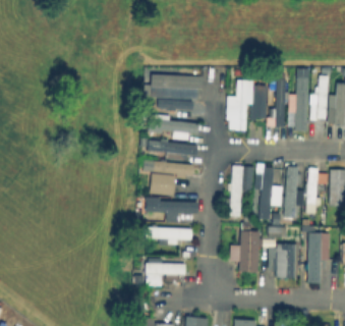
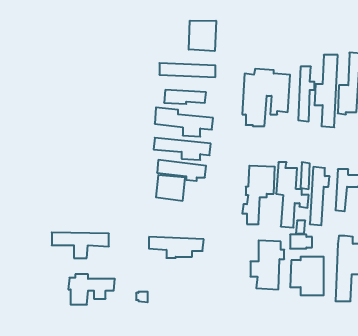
building: none -> [189,21,216,51]
building: [148,201,197,223] -> [52,232,109,258]
building: [146,260,186,286] -> [68,274,115,305]

